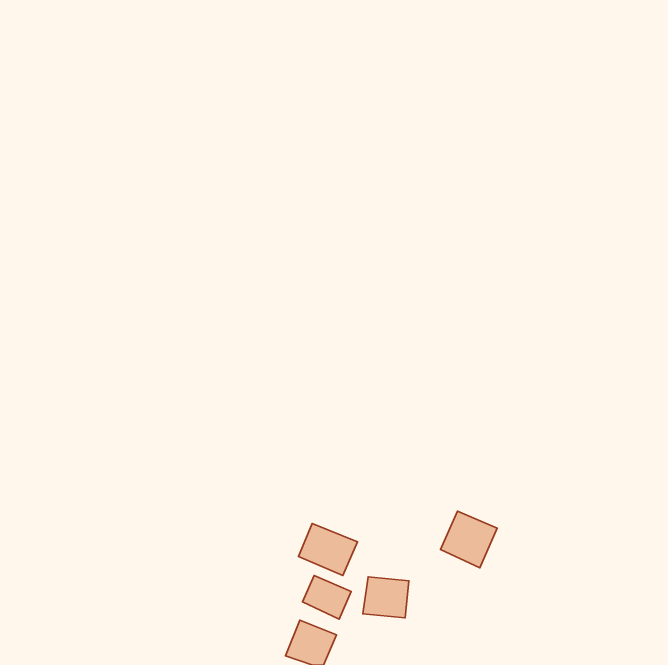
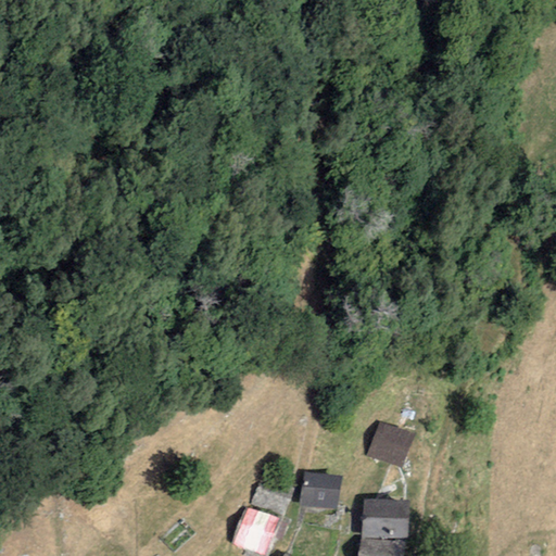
building: [299,524,357,576] -> none
building: none -> [363,498,409,542]

